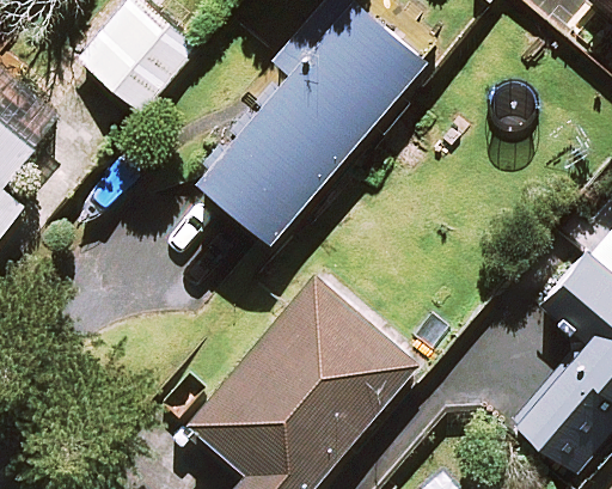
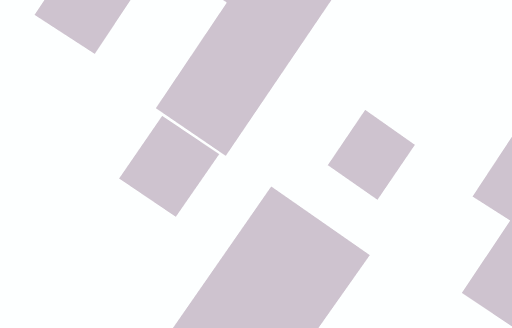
building: none -> [118,115,220,218]
building: none -> [327,109,416,201]

